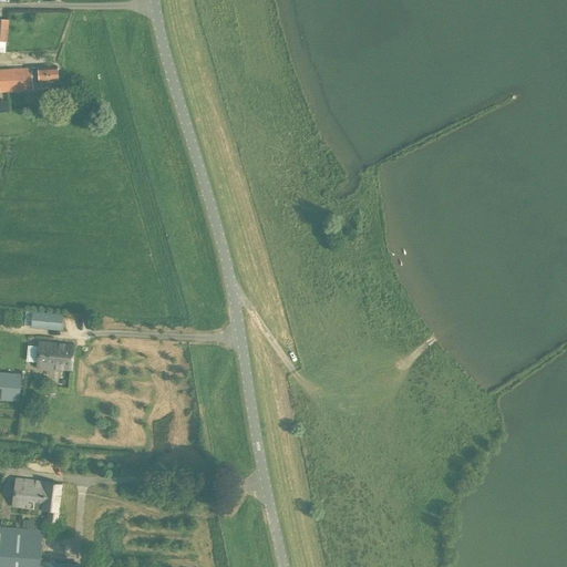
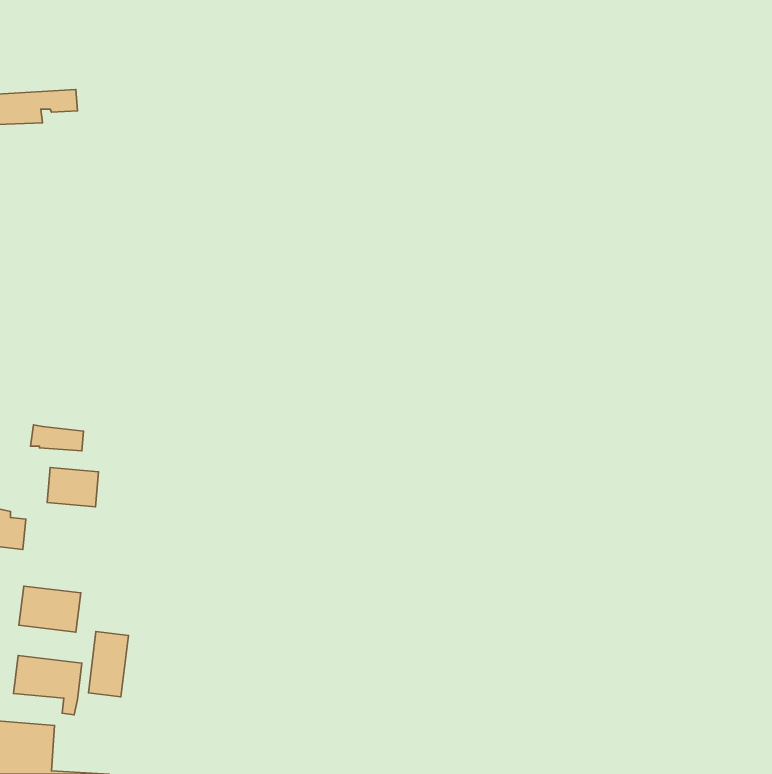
building: none -> [19,586,81,632]
building: none -> [89,631,128,697]

